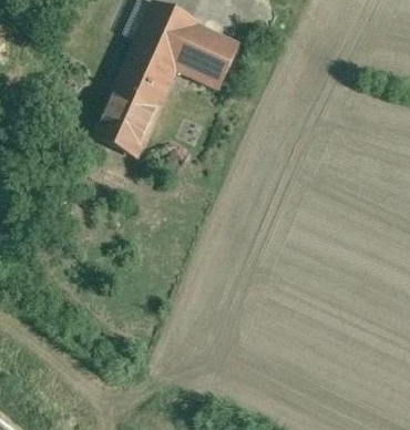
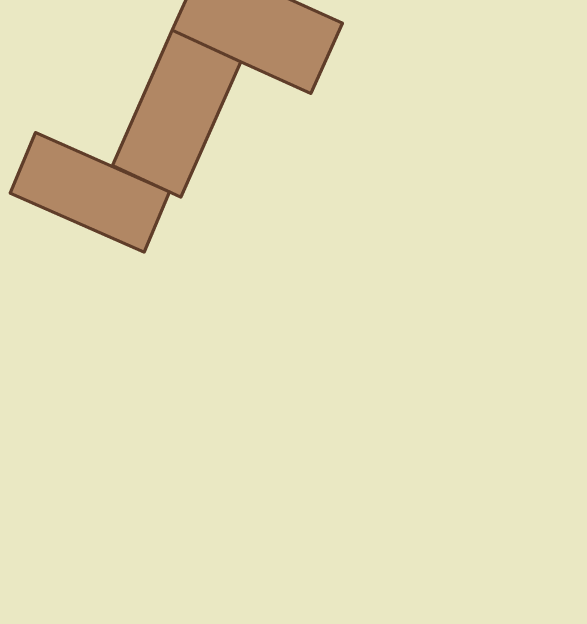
building: none -> [10,133,169,252]

